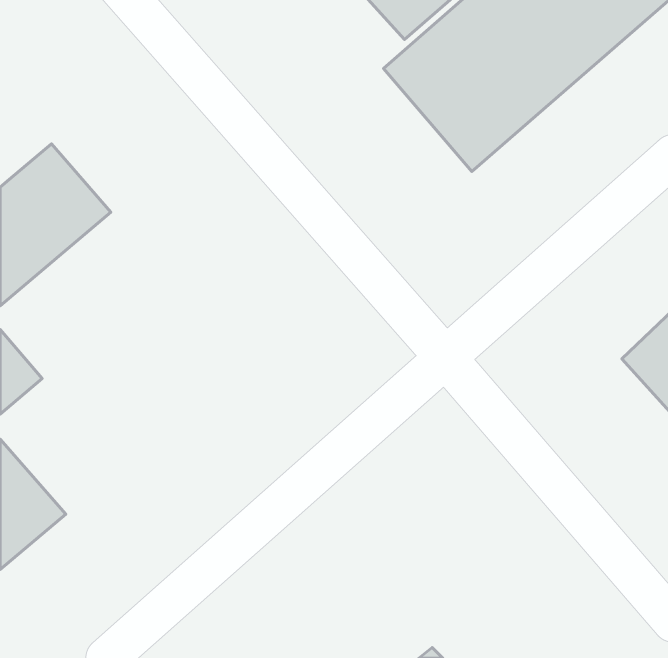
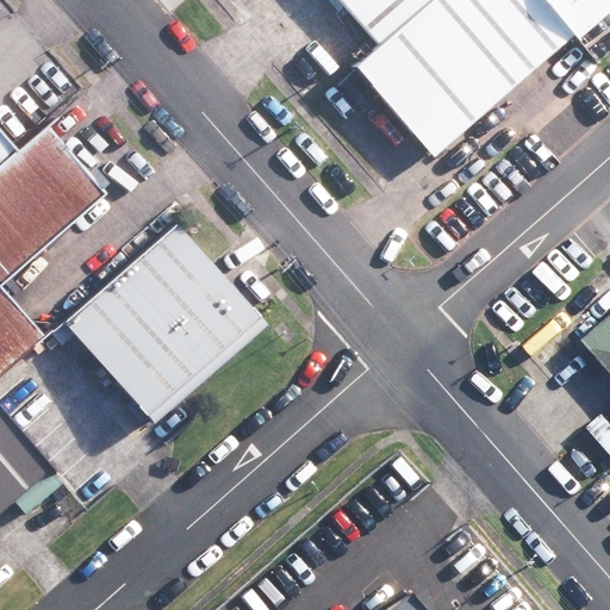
building: none -> [58,225,262,425]

